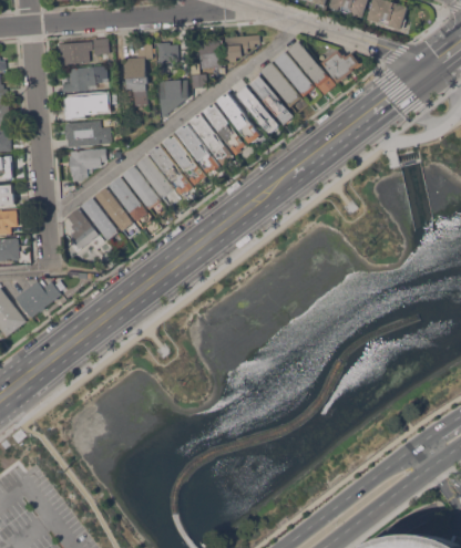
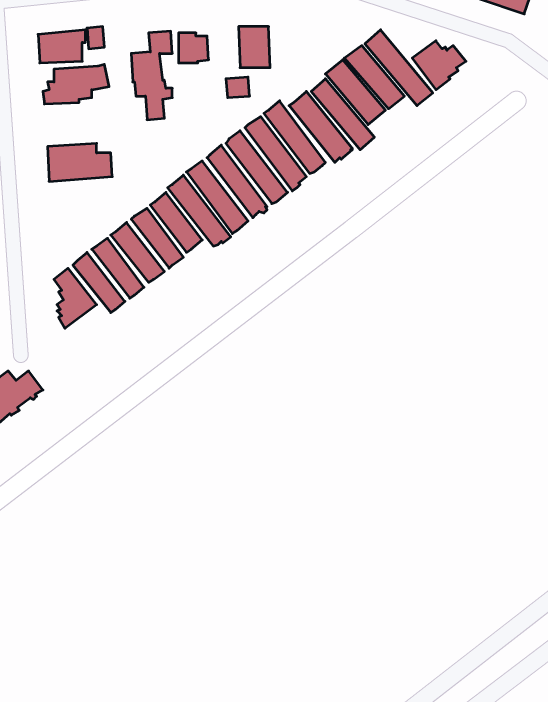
building: [224,32,259,61] -> none
building: [158,80,187,118] -> none
building: [63,93,104,120] -> none
building: [69,148,105,182] -> none

